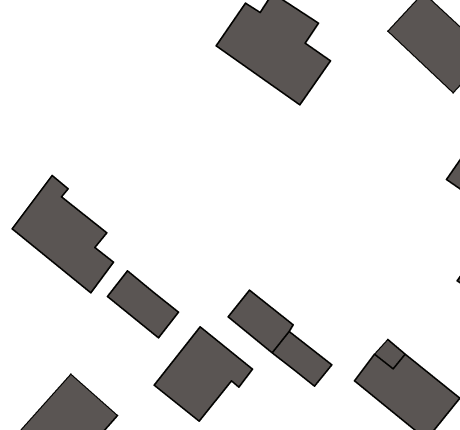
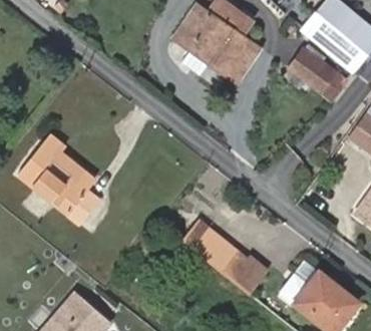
building: none -> [290,47,348,101]
building: [107,271,178,338] -> none
building: [154,327,253,421] -> none

